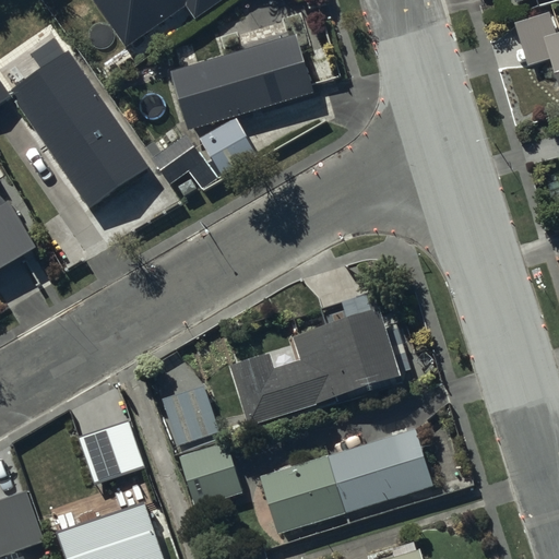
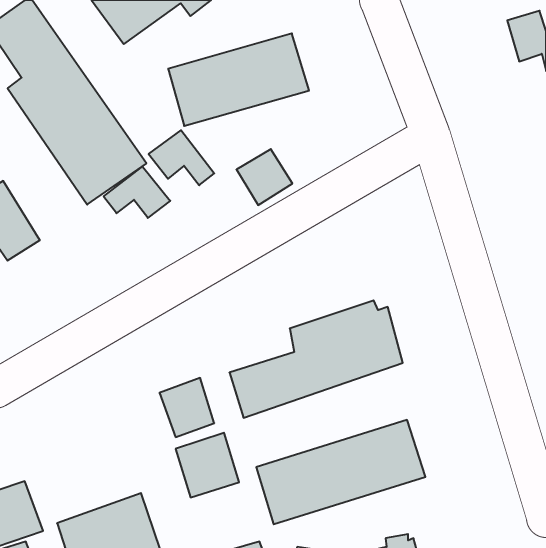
building: [199,118,255,175] -> [236,149,292,205]
building: none -> [104,166,170,218]
building: [79,421,143,485] -> none

